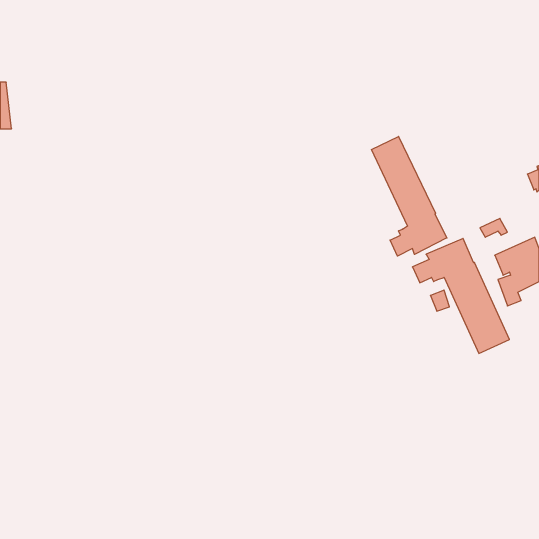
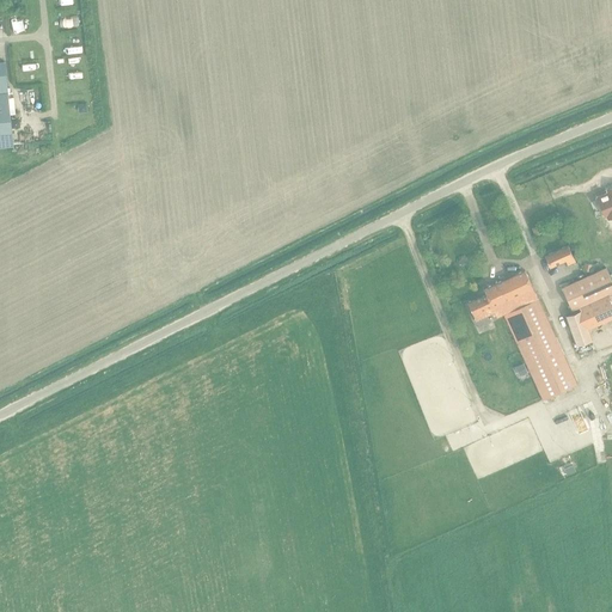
building: [371,136,447,256] -> none

